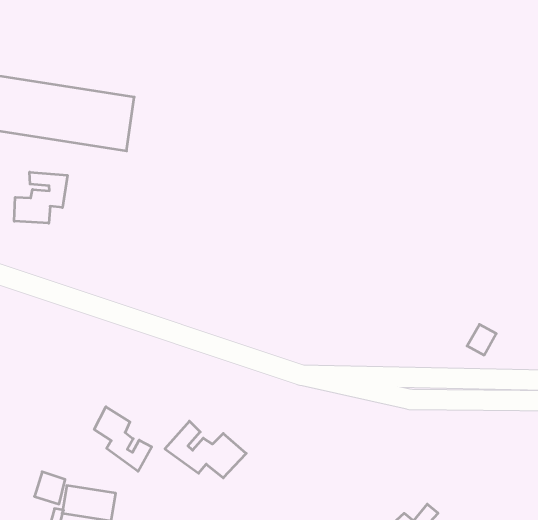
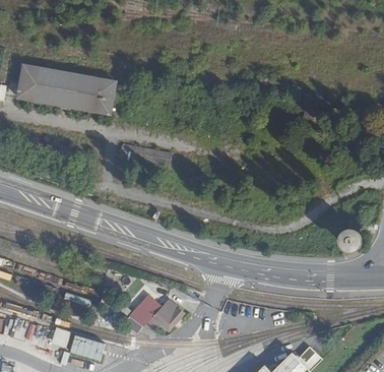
building: [14,172,67,223] -> none
building: [94,407,152,471] -> none

